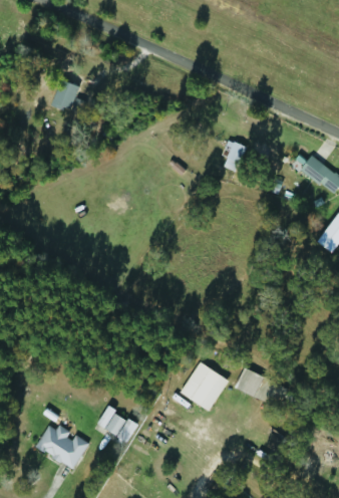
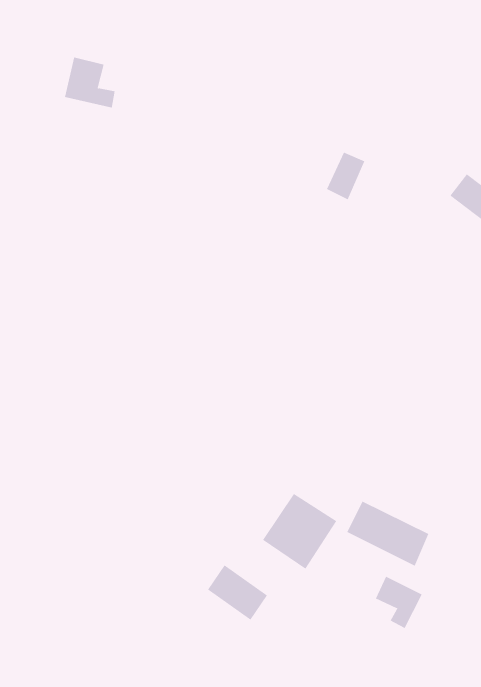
building: [97,407,136,443] -> [207,564,268,621]
building: none -> [375,576,423,629]
building: [35,425,88,469] -> none

